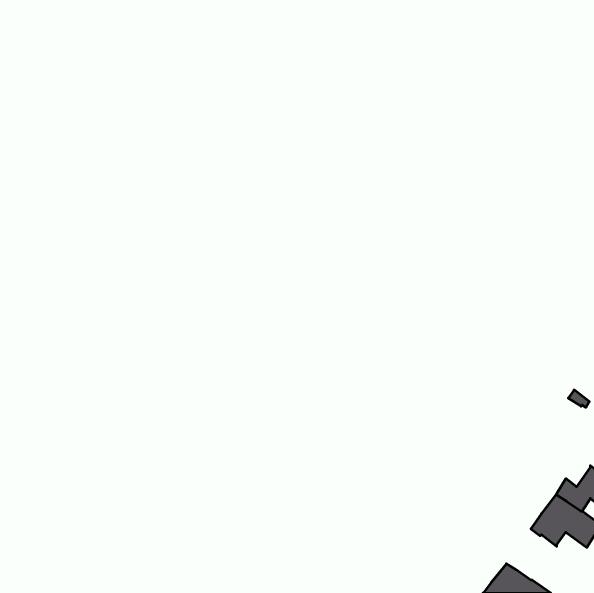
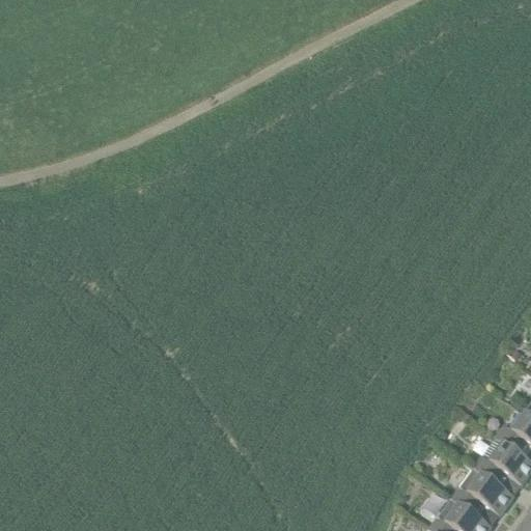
building: none -> [452,470,515,518]

